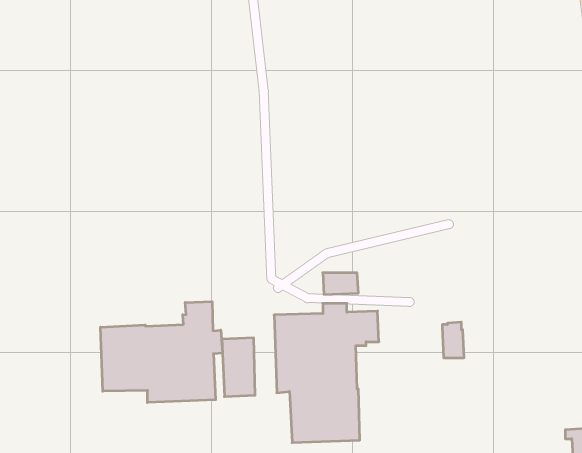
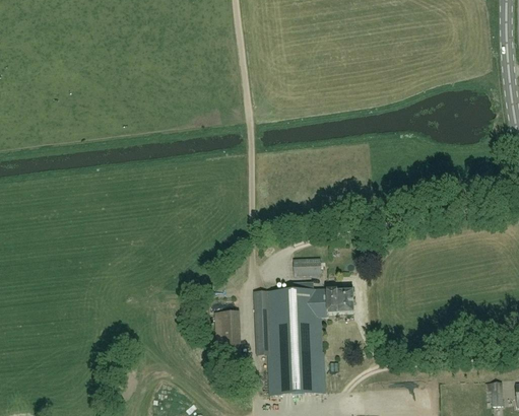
building: [101,302,222,403] -> none
building: [442,322,464,358] -> [337,284,354,313]

